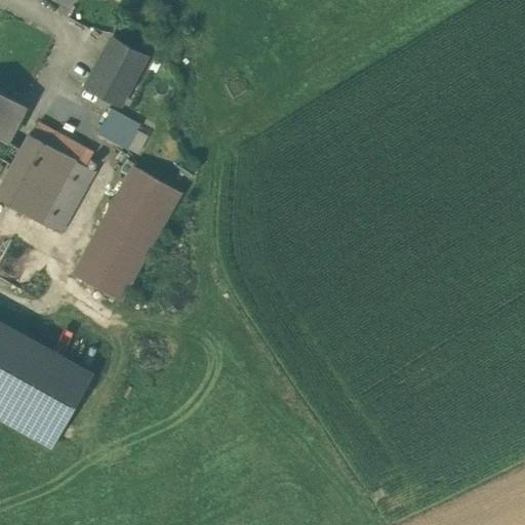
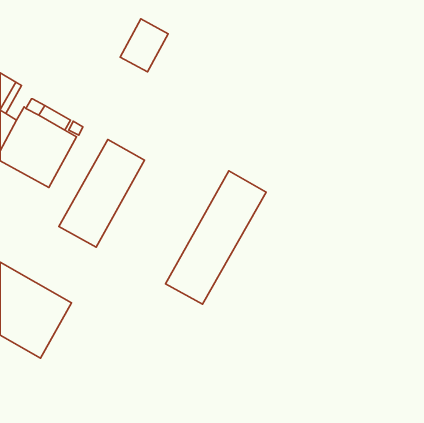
building: [86,38,146,104] -> [120,19,168,72]
building: [98,109,140,149] -> none
building: none -> [166,171,266,304]

